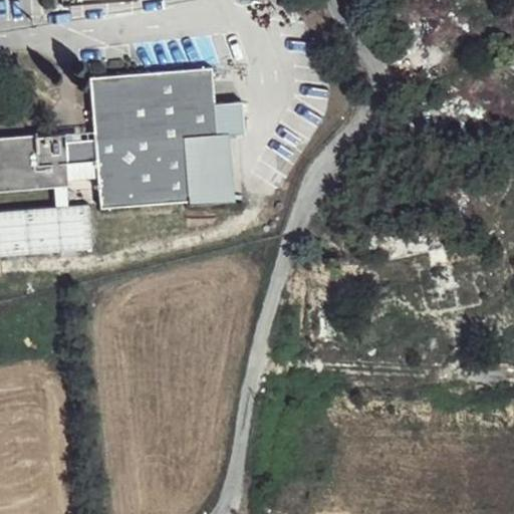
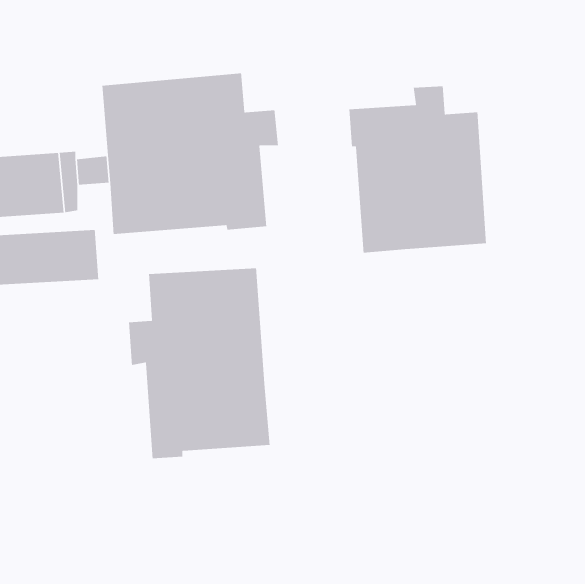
building: none -> [349,86,487,254]
building: none -> [128,267,270,459]

